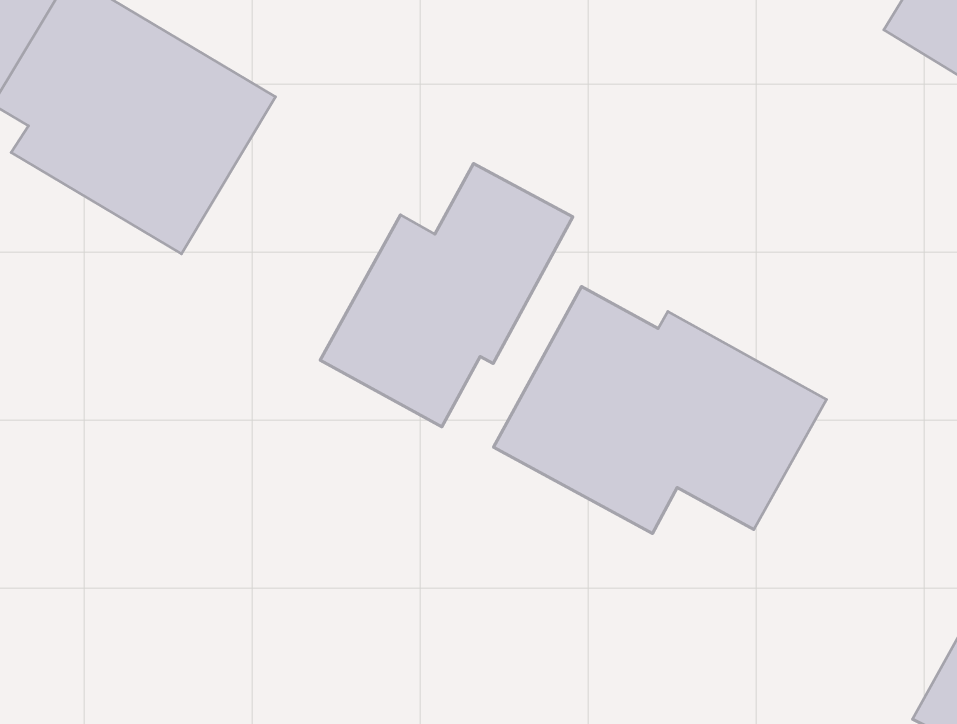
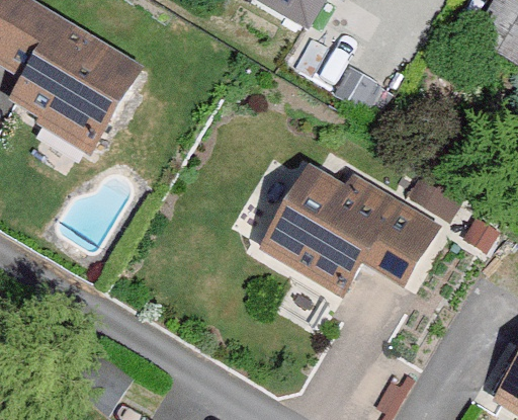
building: [320,164,573,427] -> none

